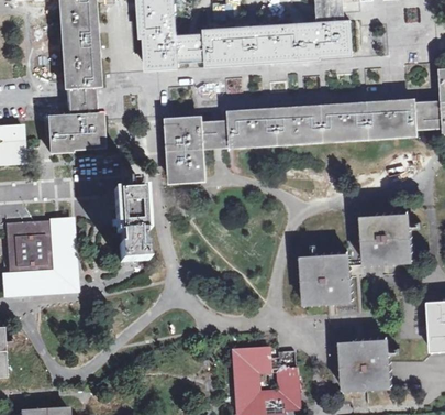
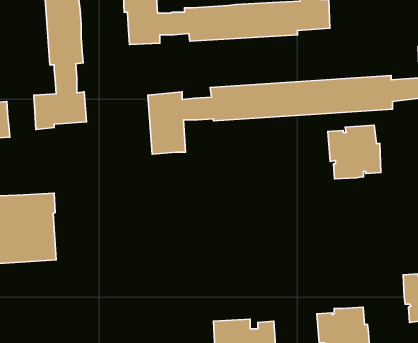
building: [114,187,147,260] -> none
building: [359,209,413,264] -> [328,125,381,179]
building: [299,250,354,305] -> none

